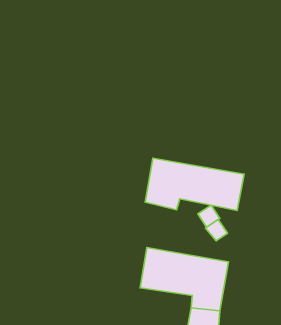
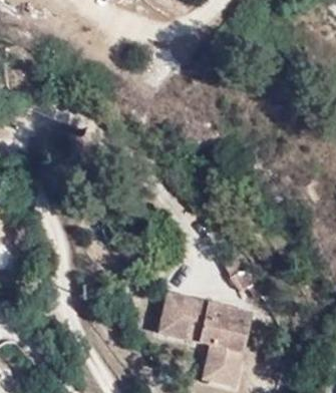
building: [145,158,244,210] -> none

